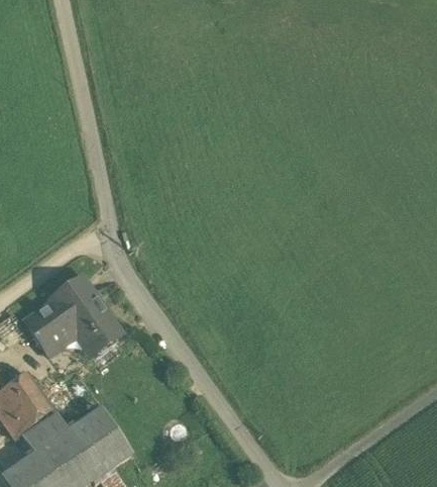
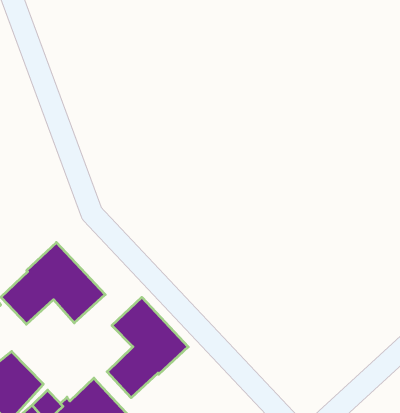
building: none -> [107,297,188,398]

